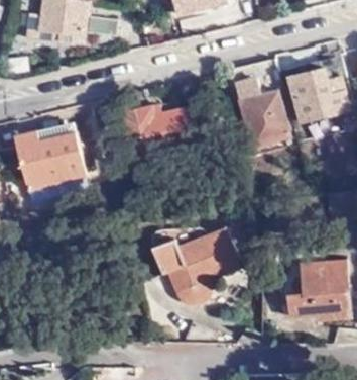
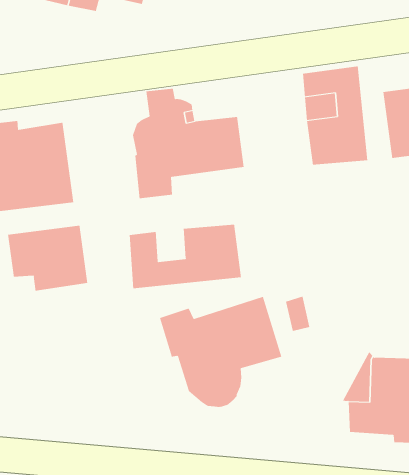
building: none -> [129,224,241,289]
building: none -> [8,225,88,292]

